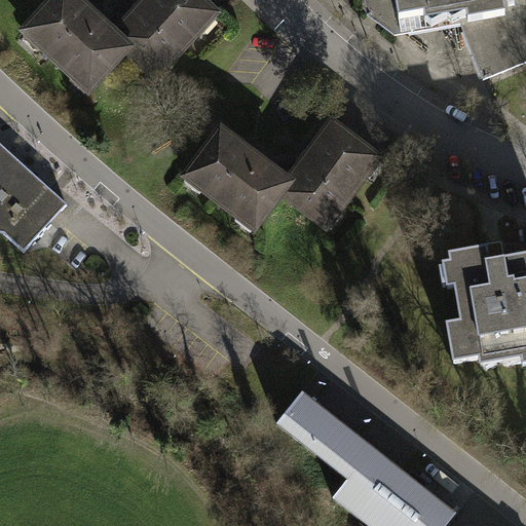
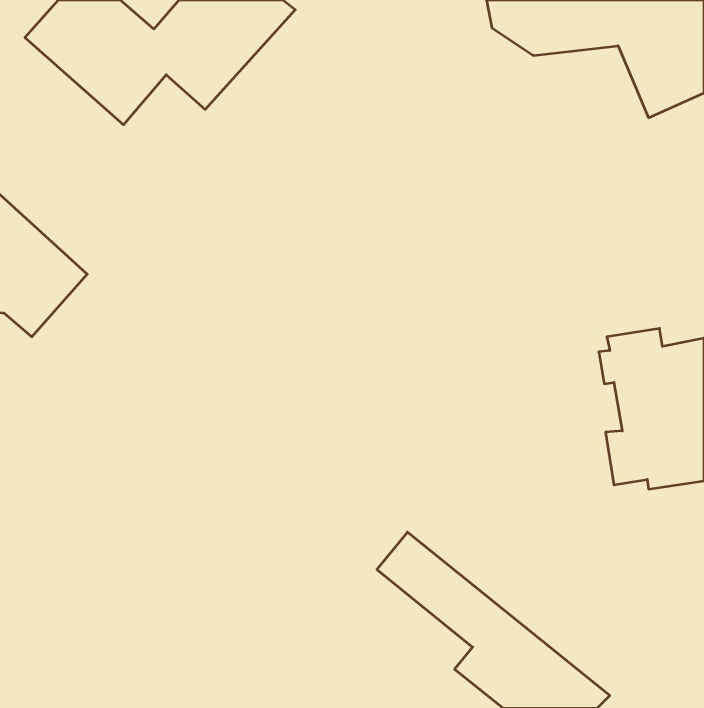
building: [184,113,386,231] -> none

